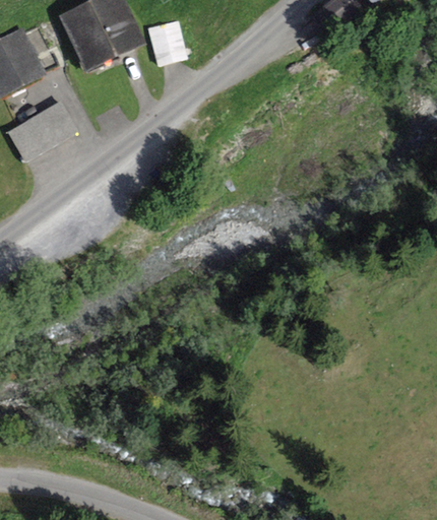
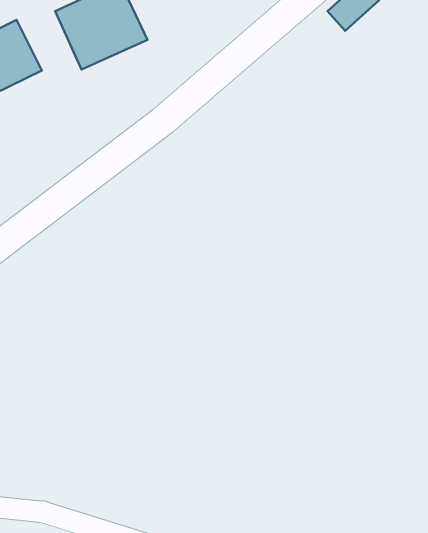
building: [151,19,188,62] -> none
building: [12,102,78,156] -> none

